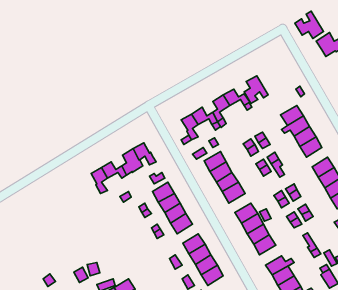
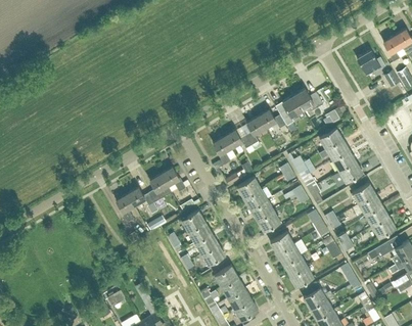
building: [295,11,324,38] -> none
building: none -> [293,89,323,117]

